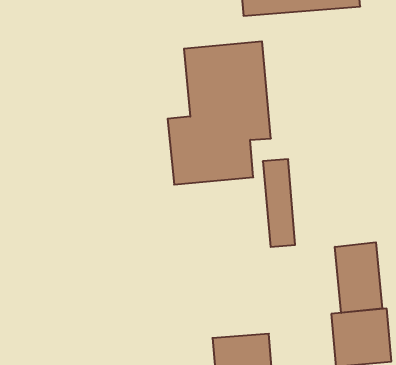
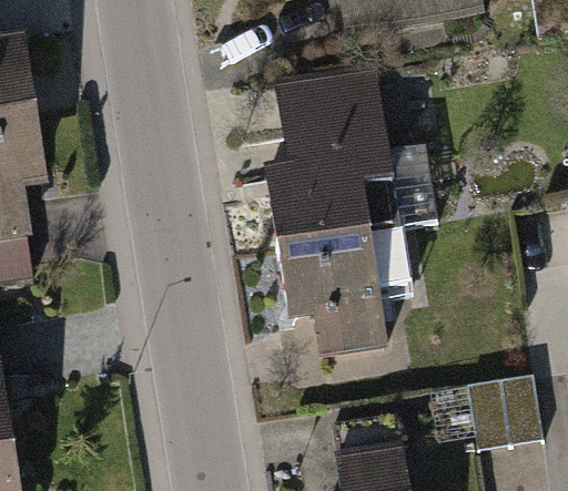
building: none -> [274,229,386,355]
building: [335,242,382,313] -> none

